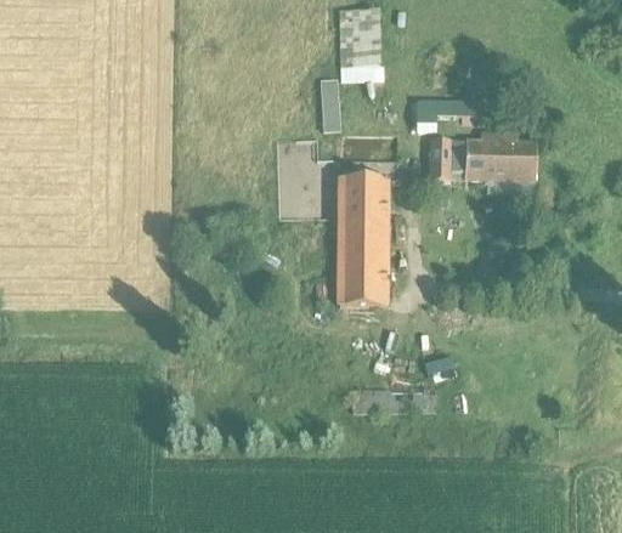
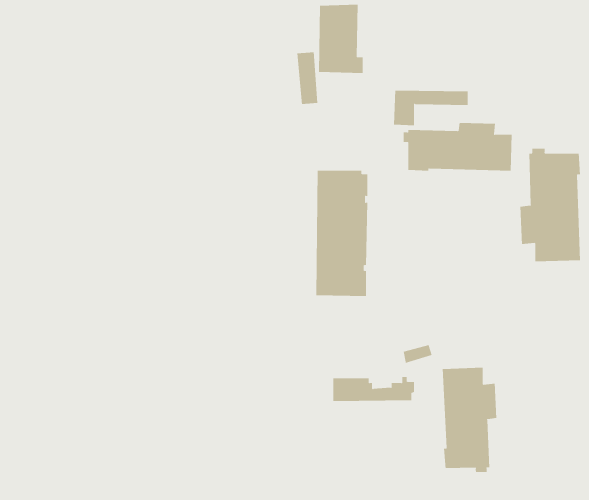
building: none -> [520,148,580,262]
building: none -> [442,367,497,473]

